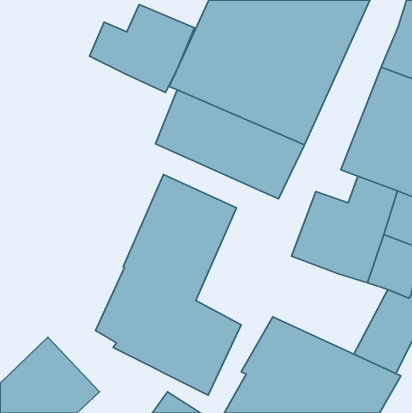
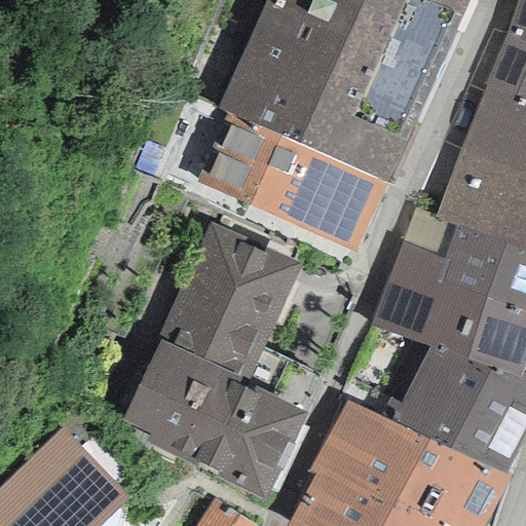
building: [89,4,195,93] -> none
building: none -> [392,348,494,450]

